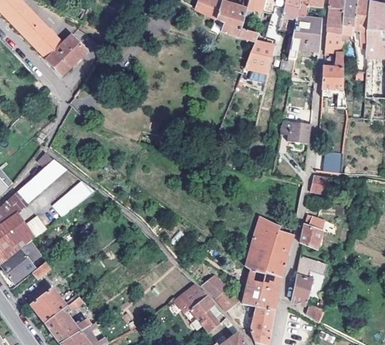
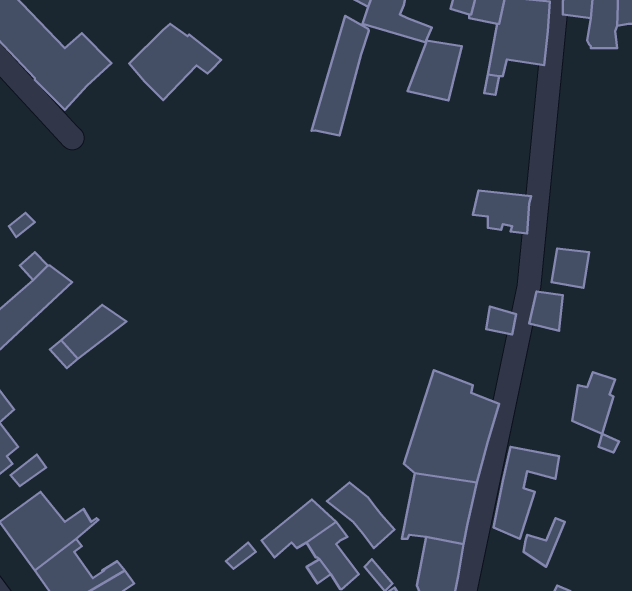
building: [322,25,347,107] -> none
building: none -> [312,16,369,136]
building: none -> [129,24,221,100]
building: [301,215,324,248] -> [572,372,615,434]

